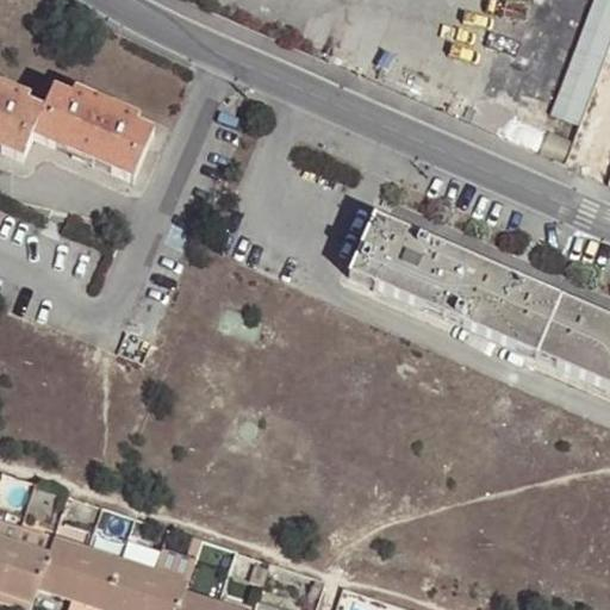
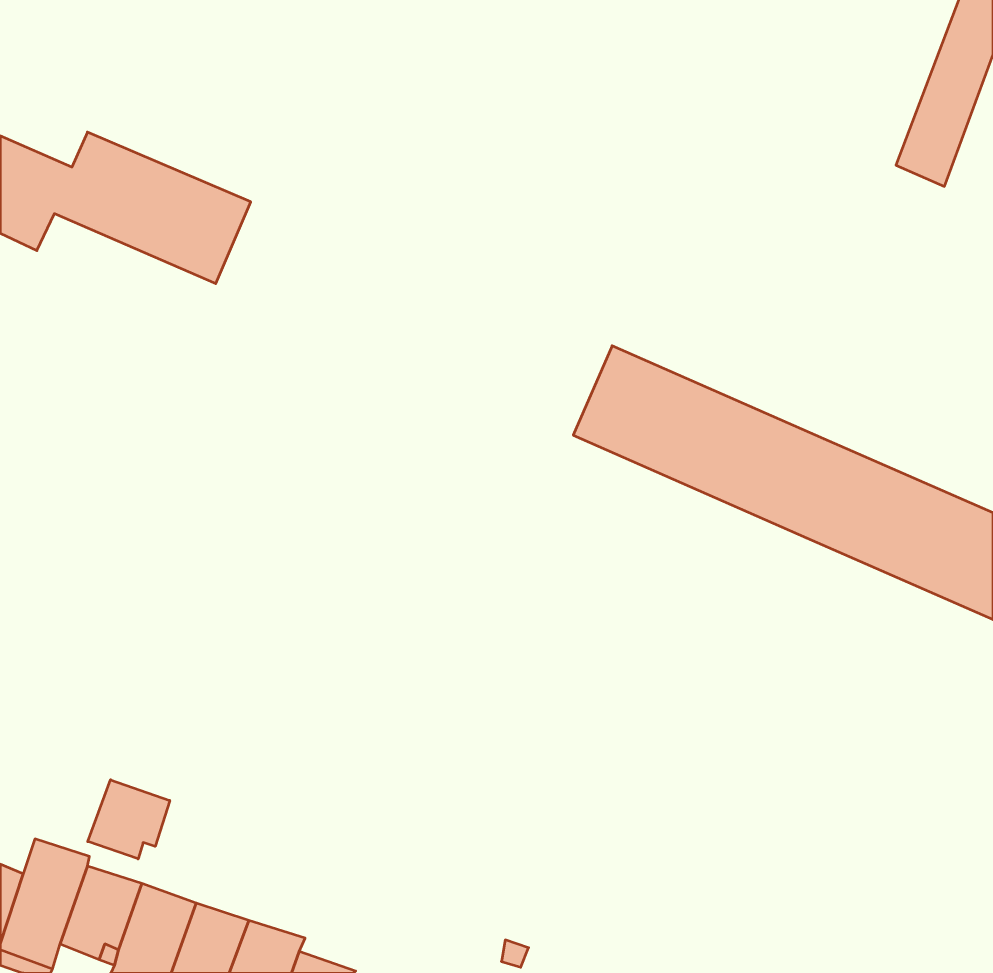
building: none -> [88,780,170,859]

